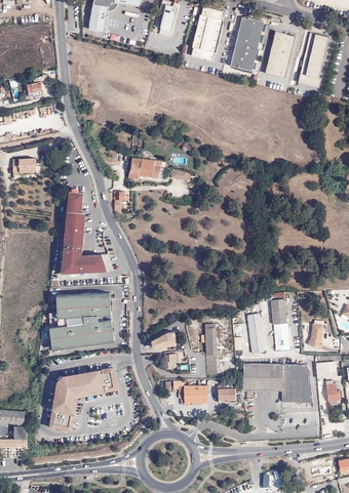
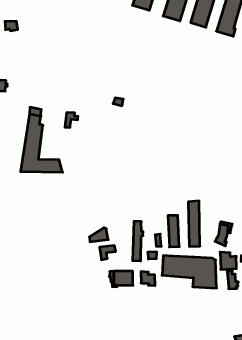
building: [128,158,160,179] -> none
building: [50,294,114,352] -> none
building: [49,369,114,429] -> none

